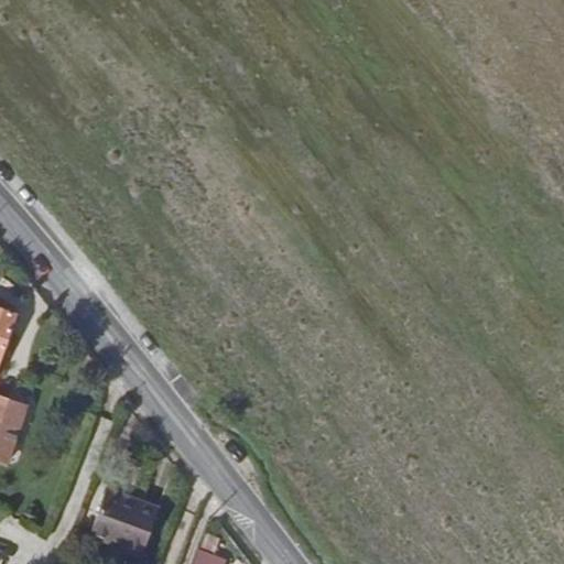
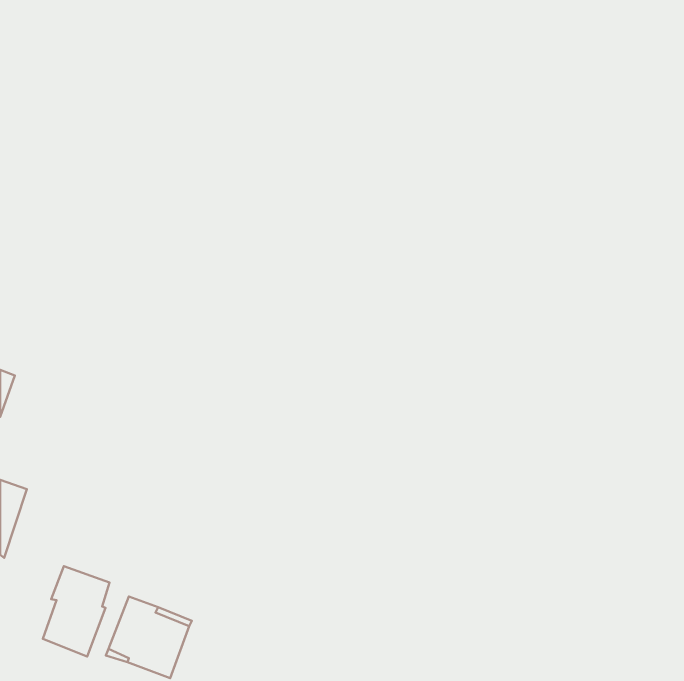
building: none -> [43,566,109,656]

